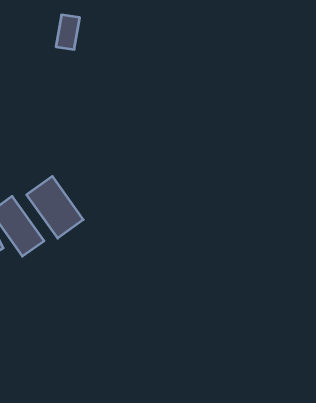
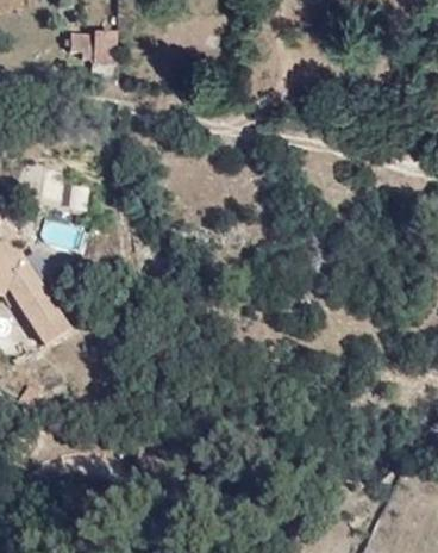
building: [27,176,83,238] -> none

